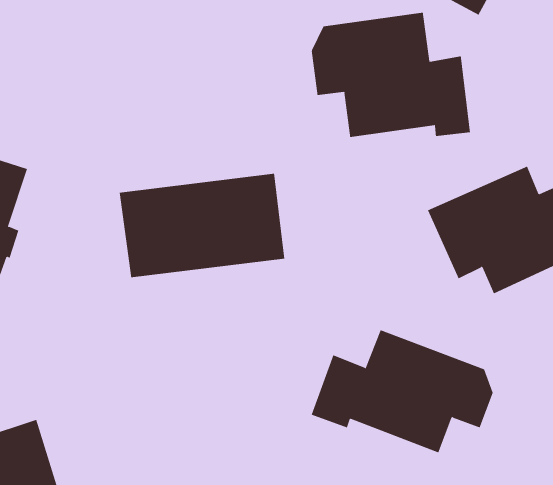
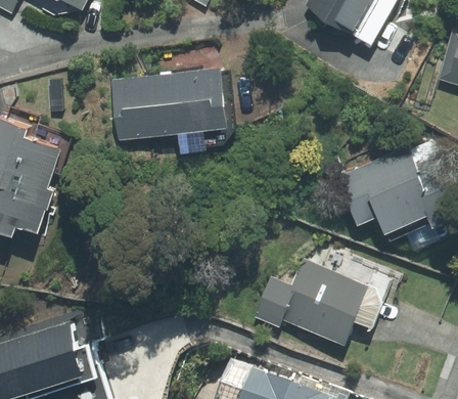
building: [311,12,471,138] -> none
building: [119,173,285,278] -> [110,65,226,138]

